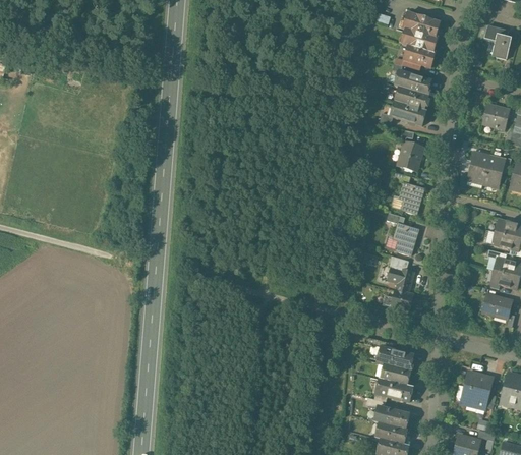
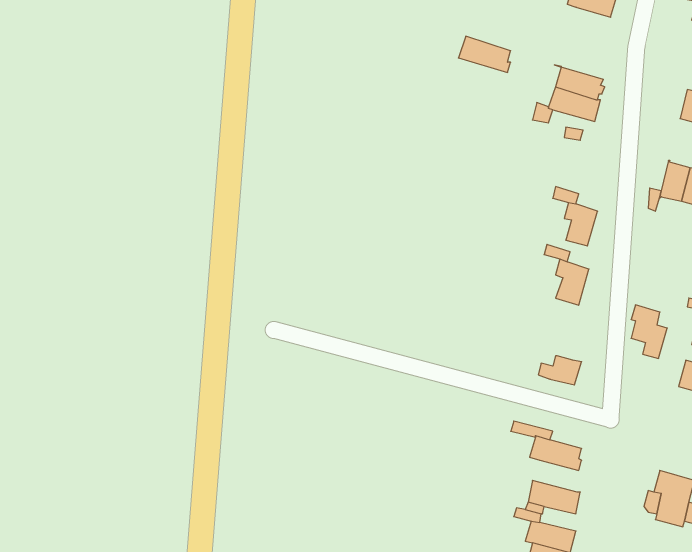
building: [405,45,436,67] -> none
building: [394,70,430,96] -> [458,36,511,72]
building: [397,140,423,169] -> none
building: [388,255,413,293] -> [631,305,667,358]
building: [379,363,412,386] -> none

